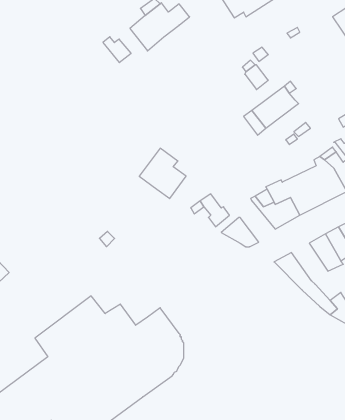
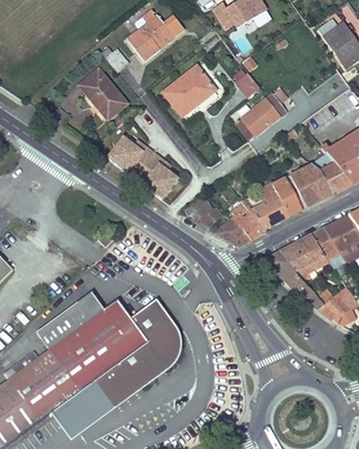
building: none -> [163,67,216,116]
building: none -> [79,68,127,118]
building: none -> [108,136,156,179]
building: none -> [231,202,266,241]
building: none -> [280,242,315,278]

